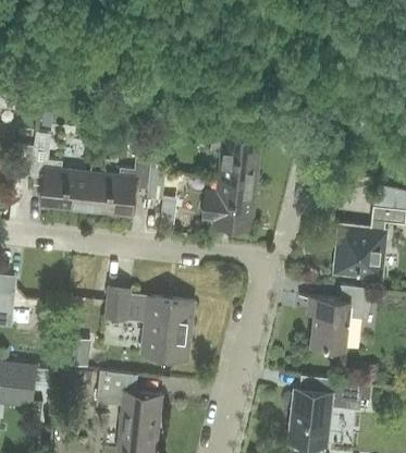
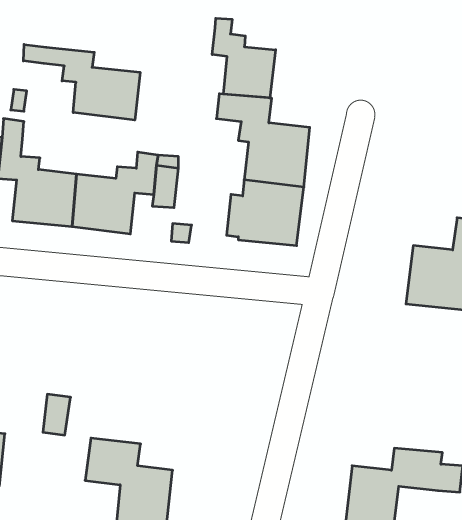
building: none -> [212,18,276,98]
building: none -> [23,44,140,120]
building: [310,284,370,348] -> none
building: [104,286,195,357] -> none

